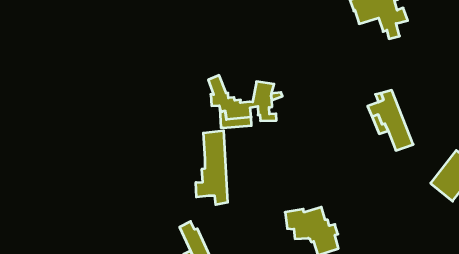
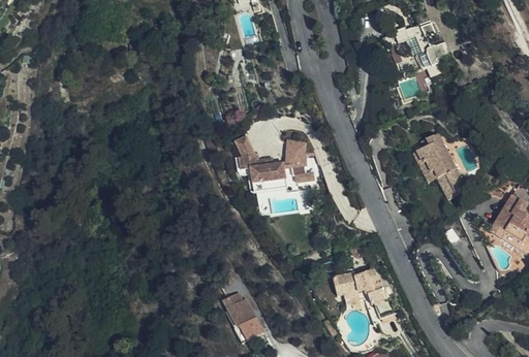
building: [196,131,228,205] -> none

